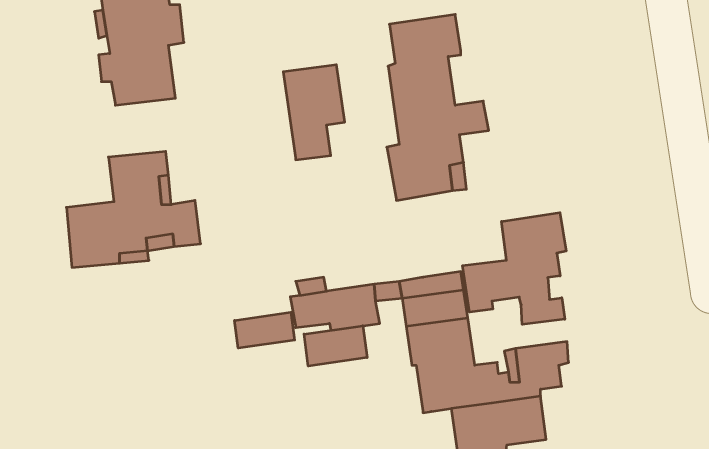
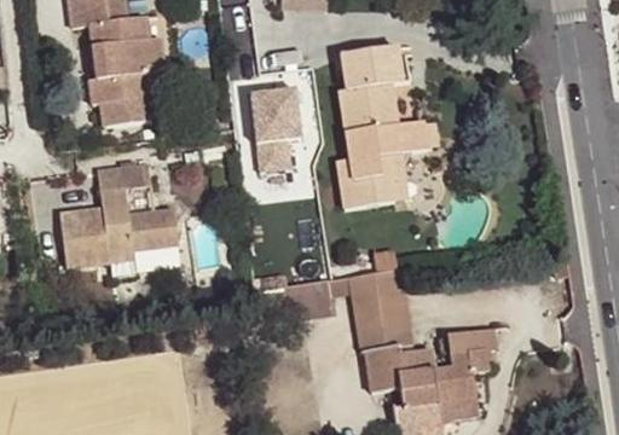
building: [463,213,566,324] -> none
building: [235,312,295,348] -> none
building: [304,326,367,366] -> none

